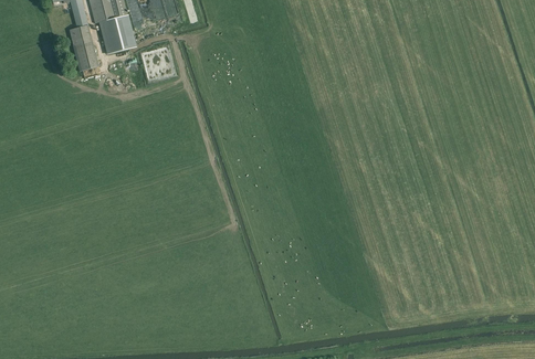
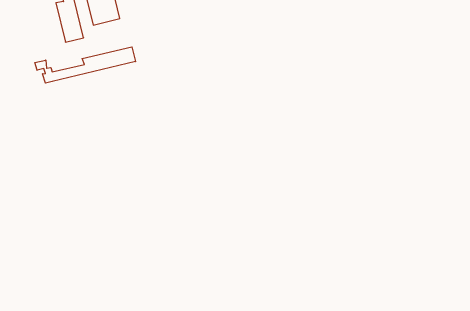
building: none -> [35,47,136,83]

